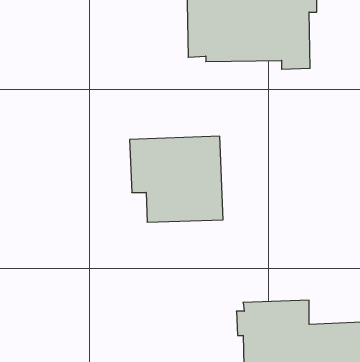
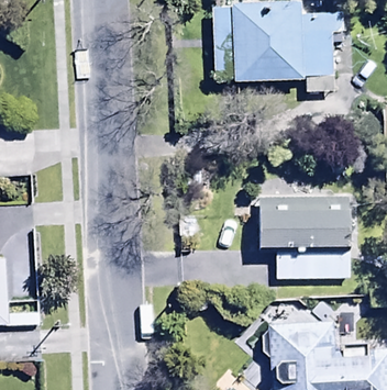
building: [130,136,223,222] -> [257,193,351,279]

